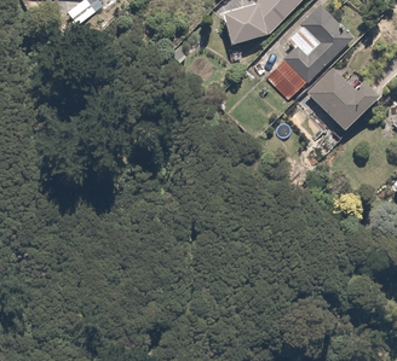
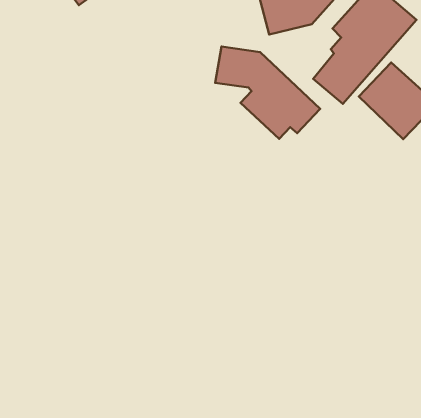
building: none -> [215,47,320,139]

